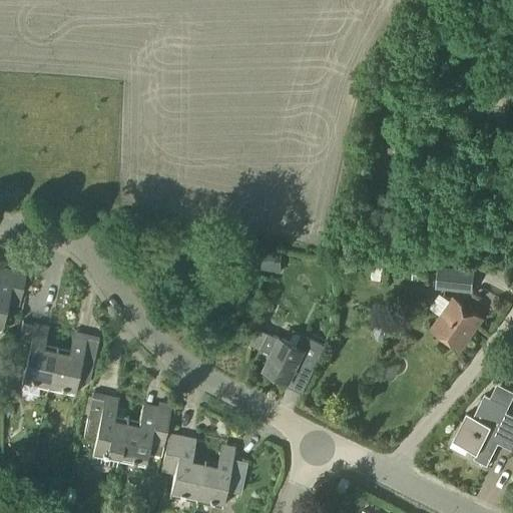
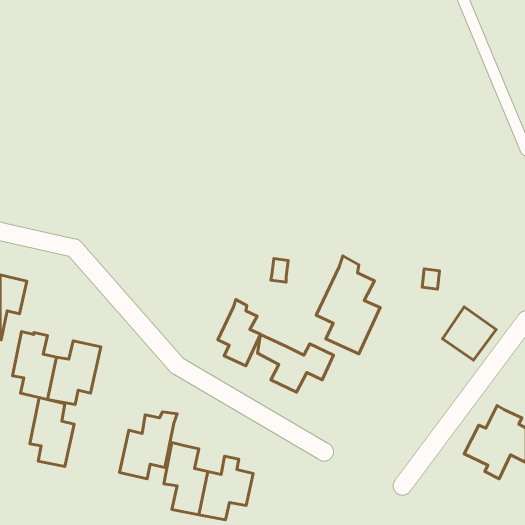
building: none -> [316,256,380,354]
building: [437,266,475,293] -> none
building: none -> [218,299,261,366]
building: [83,393,126,460] -> [30,397,74,466]

